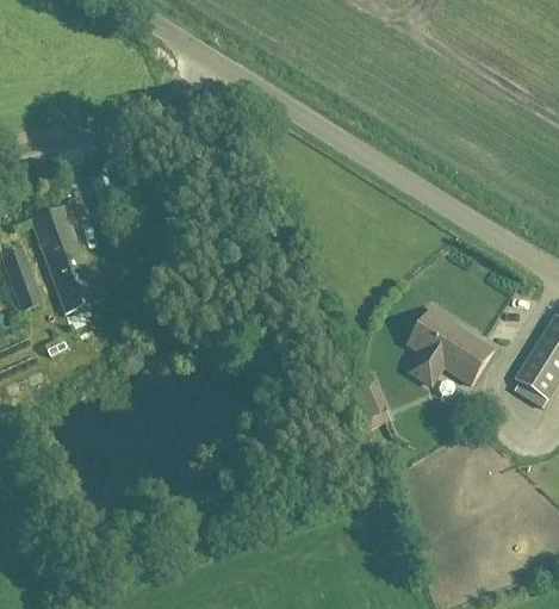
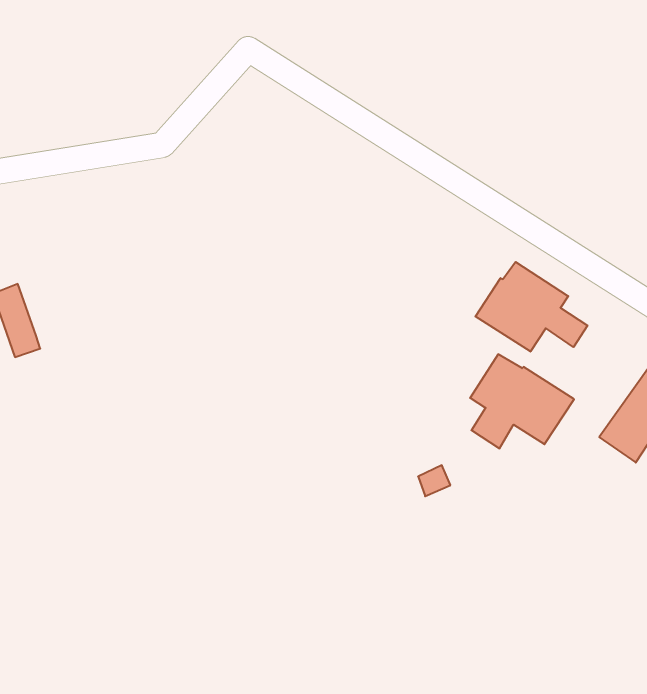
building: [30,203,95,310] -> none
building: none -> [475,262,587,352]

